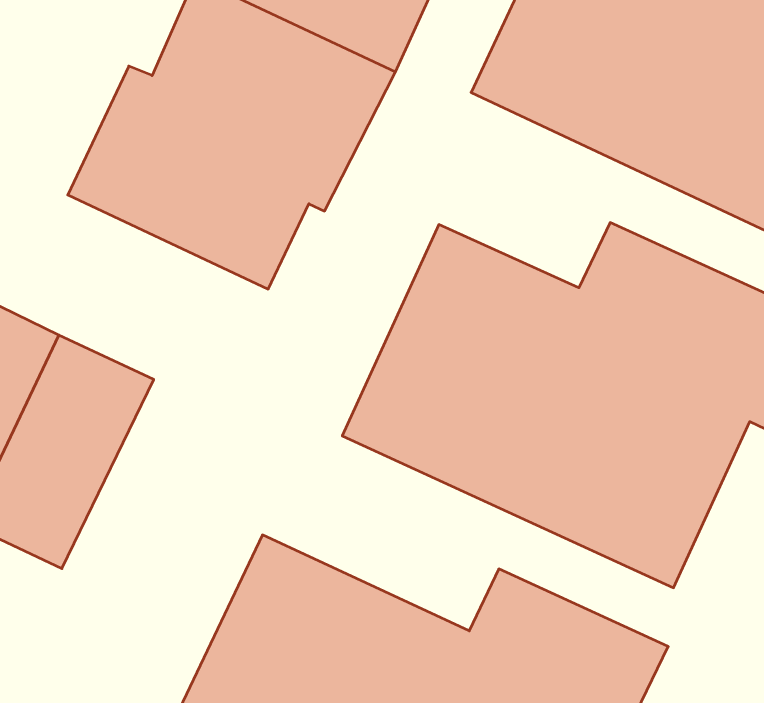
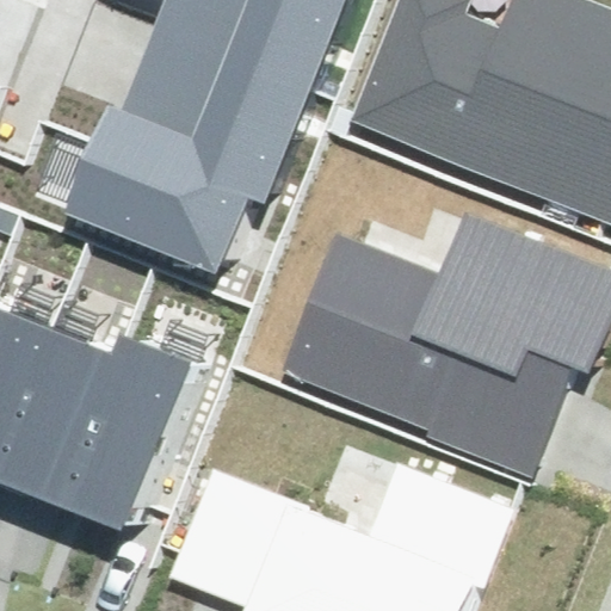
building: none -> [73,329,211,521]

